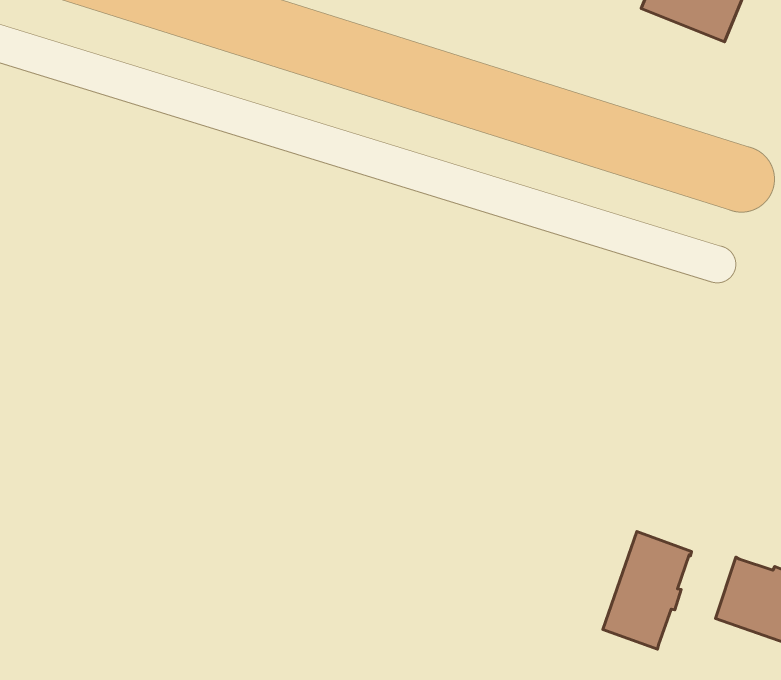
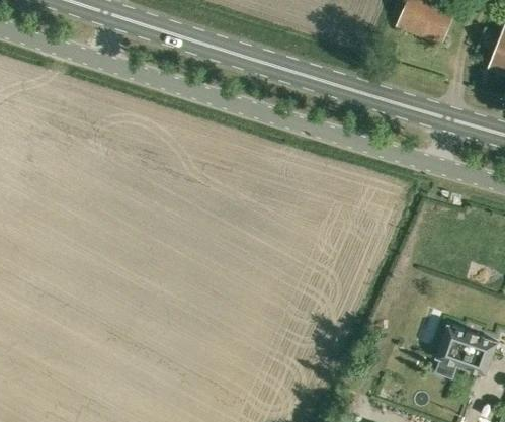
building: [603,532,691,649] -> none

